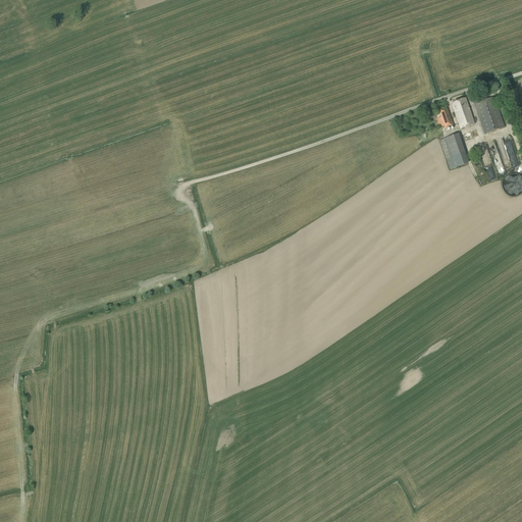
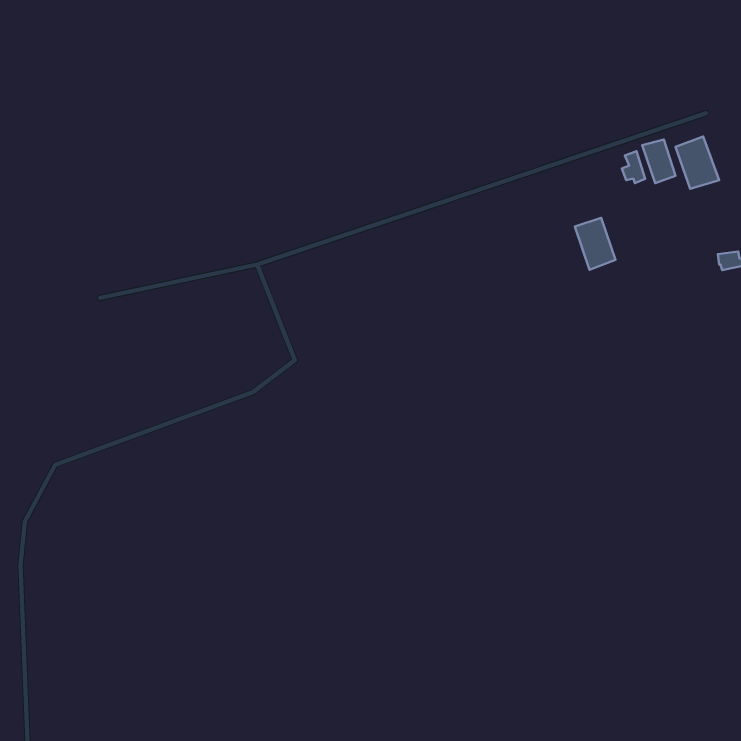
building: [440,133,469,169] -> [575,218,616,270]

